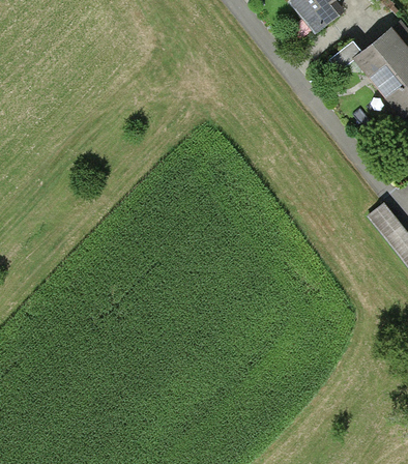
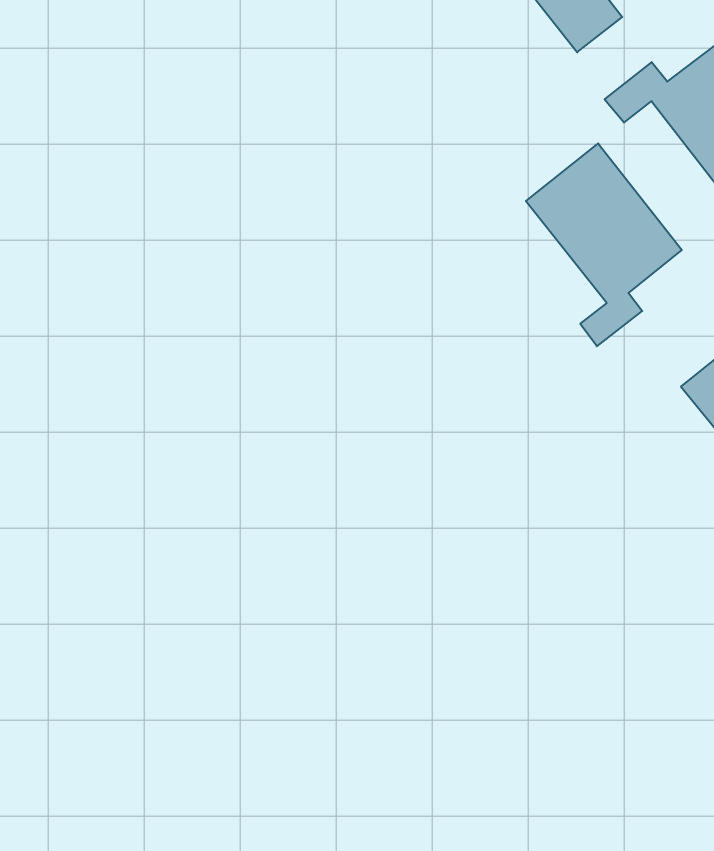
building: none -> [526,143,682,346]

